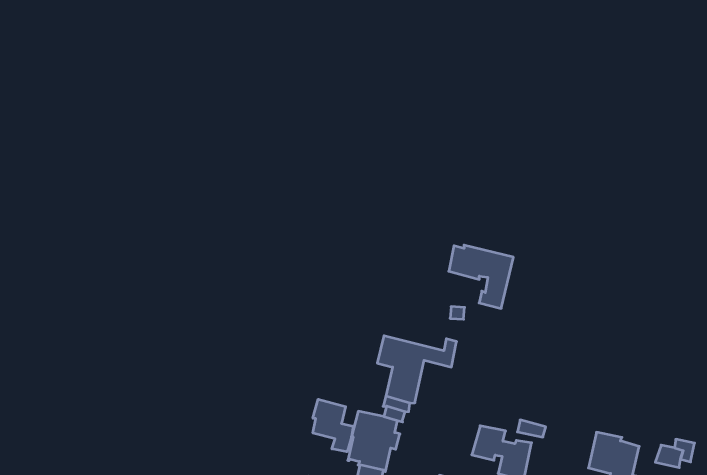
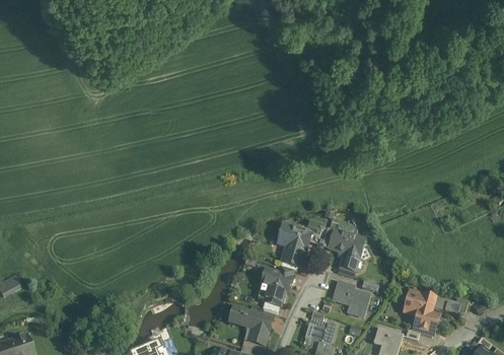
building: [449,245,513,308] -> [322,229,362,269]
building: [313,399,353,452] -> none

